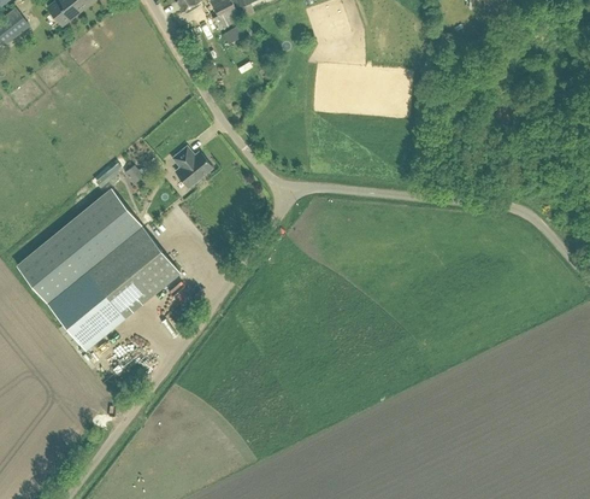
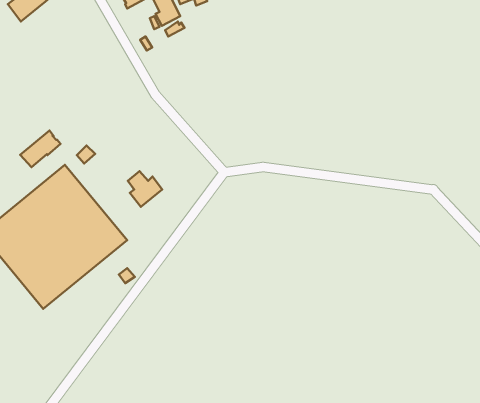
building: [173,146,212,186] -> [128,171,162,207]
building: none -> [20,131,61,167]

